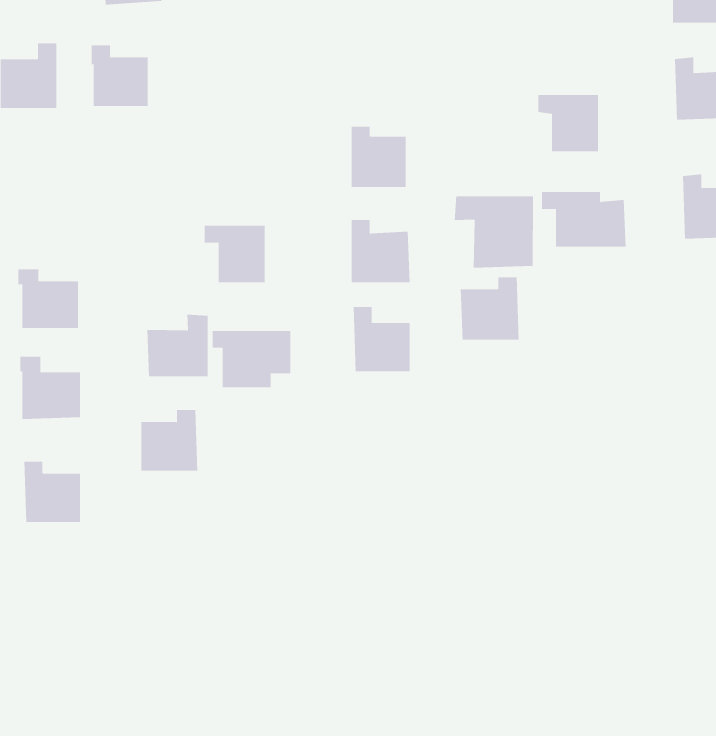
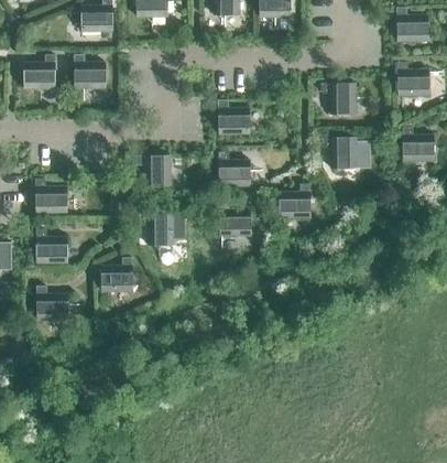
building: [454,196,533,269] -> none
building: [147,314,208,377] -> none

